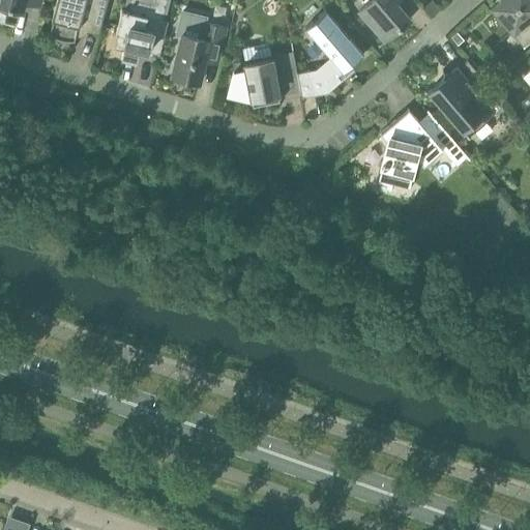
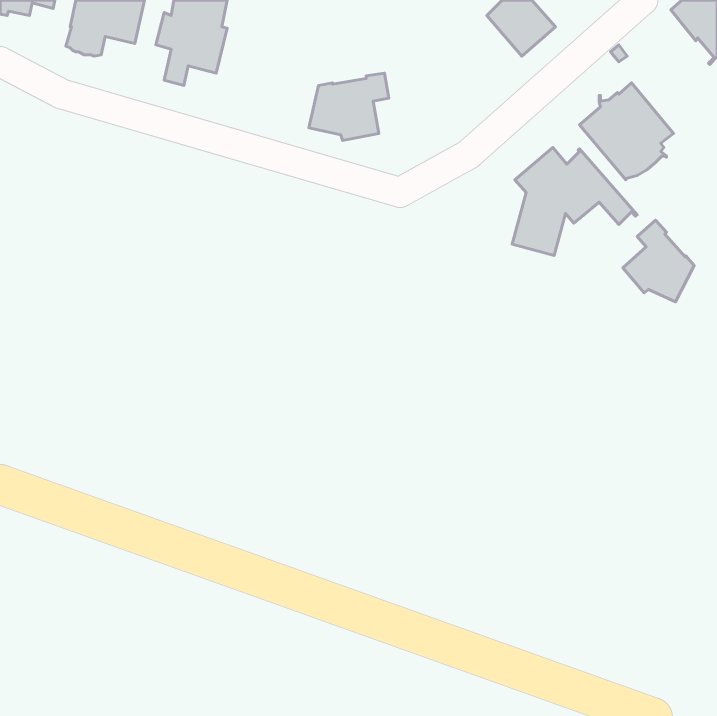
building: [171,10,226,84] -> none
building: [296,11,362,99] -> none
building: none -> [623,220,694,302]

